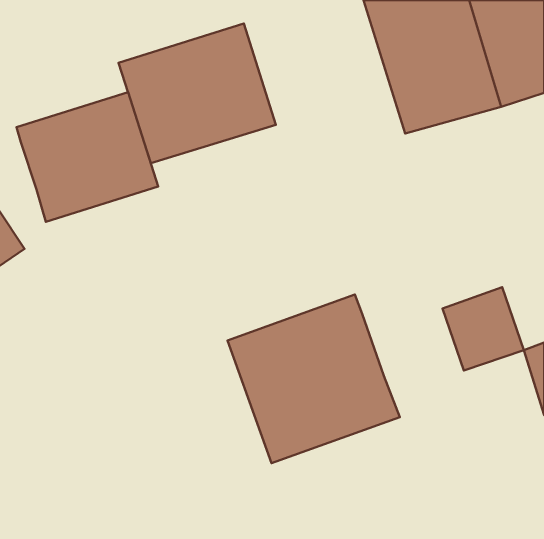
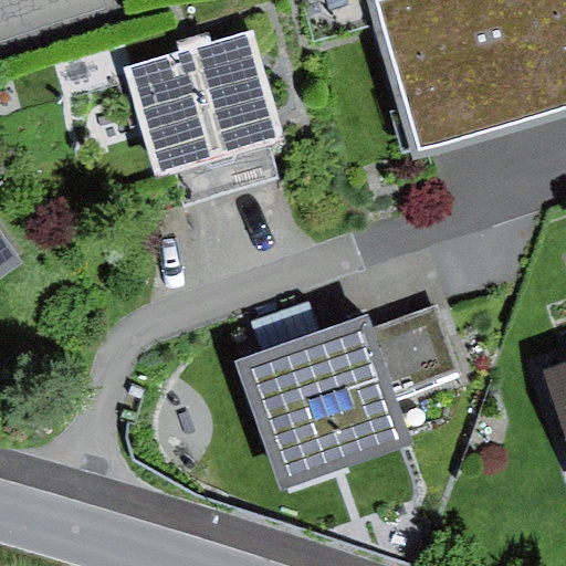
building: [17,92,158,222] -> none
building: [442,287,524,370] -> [375,310,459,396]

